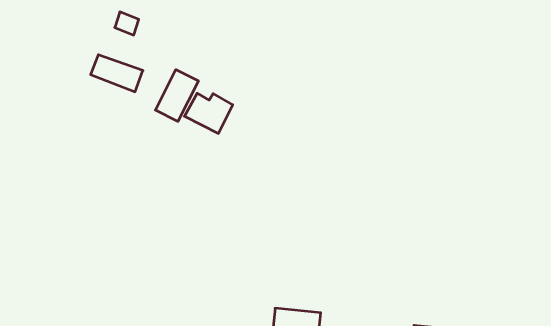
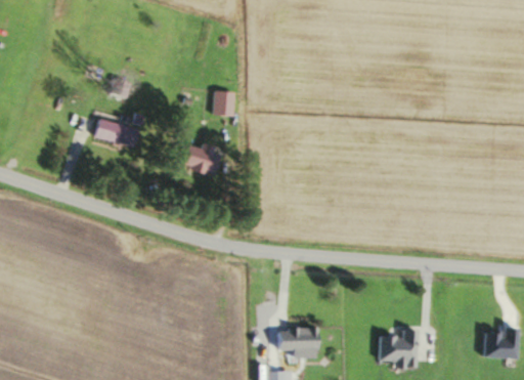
building: none -> [213,90,233,116]
building: [155,70,198,121] -> none

